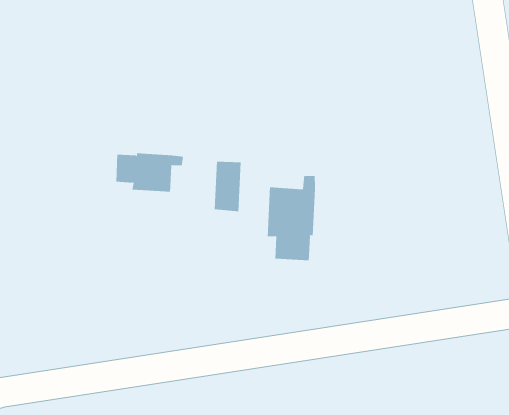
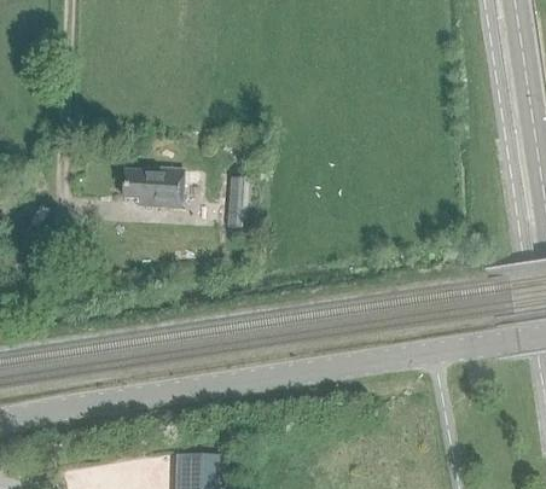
building: [267,175,315,261] -> none

